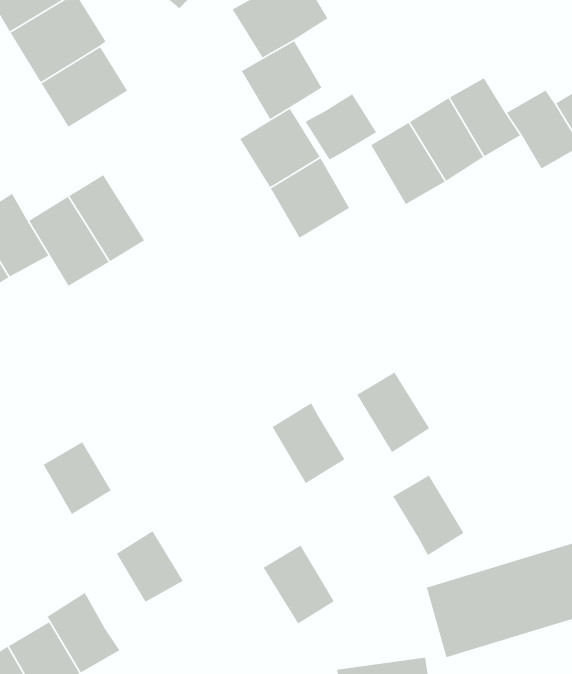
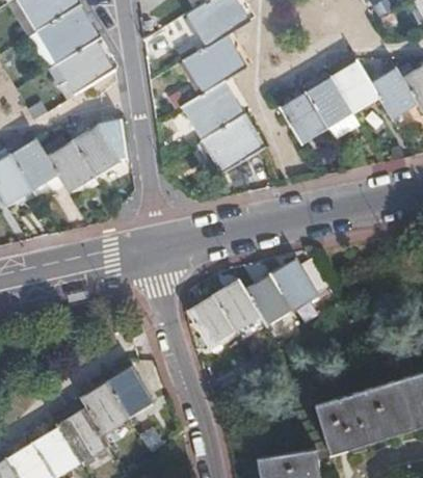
building: [305,93,377,160] -> none
building: [42,441,112,515] -> [79,380,126,430]
building: [392,475,465,556] -> [243,273,292,328]
building: [262,544,335,625] -> [185,295,234,349]

